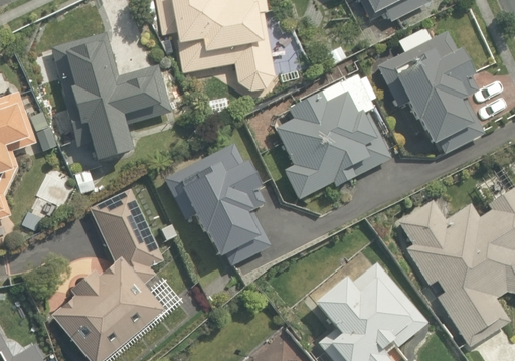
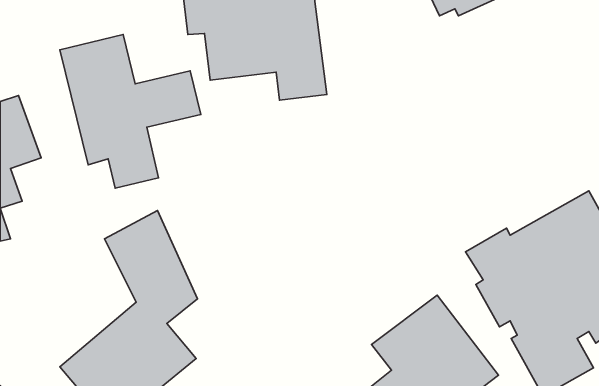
building: [375,24,484,158] -> none
building: [278,77,392,199] -> none
building: [162,128,271,268] -> none

